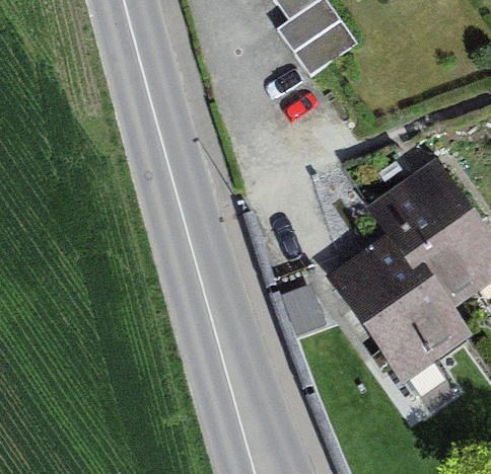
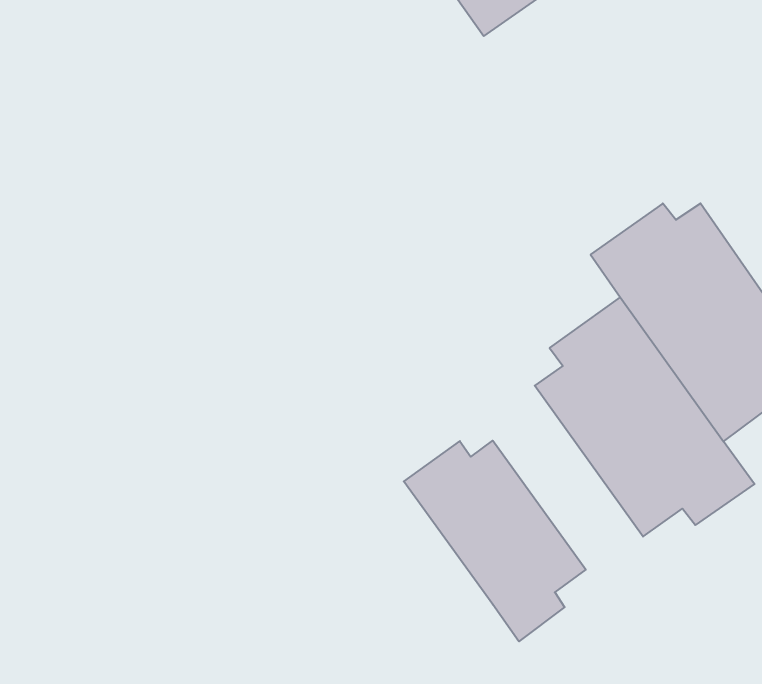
building: none -> [404,441,586,641]

